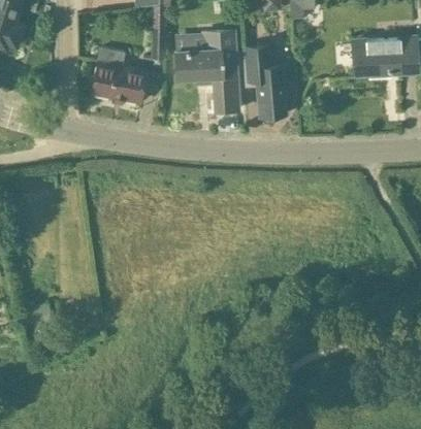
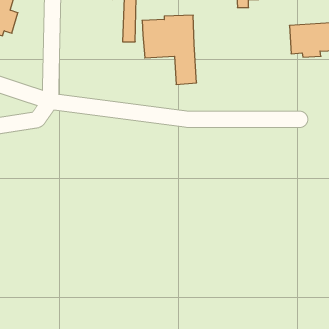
building: [242,45,286,119] -> none
building: [91,47,145,103] -> none

